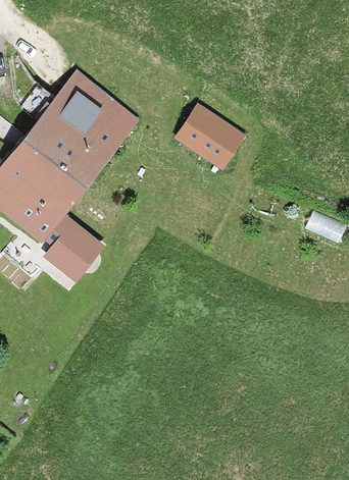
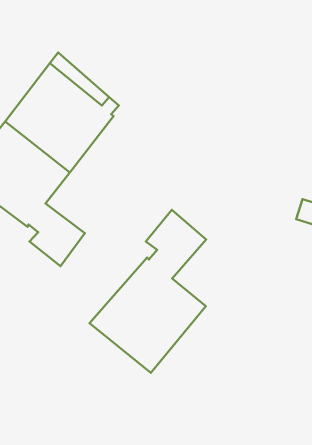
building: [173,109,236,164] -> none
building: none -> [90,210,206,373]

